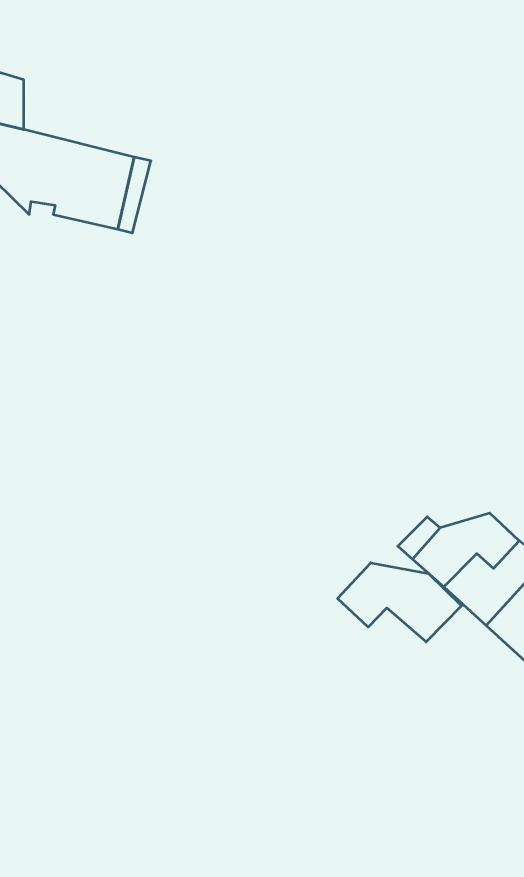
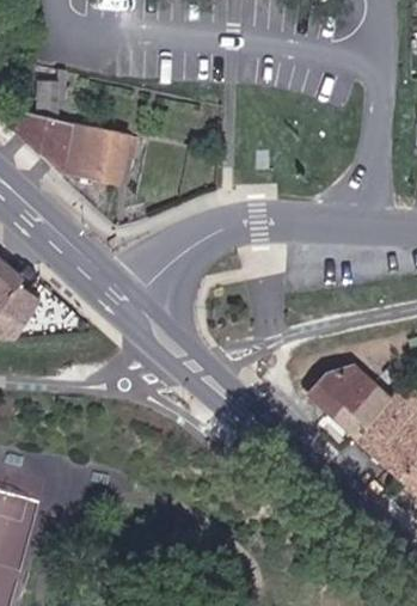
building: [338,563,461,642] -> none

